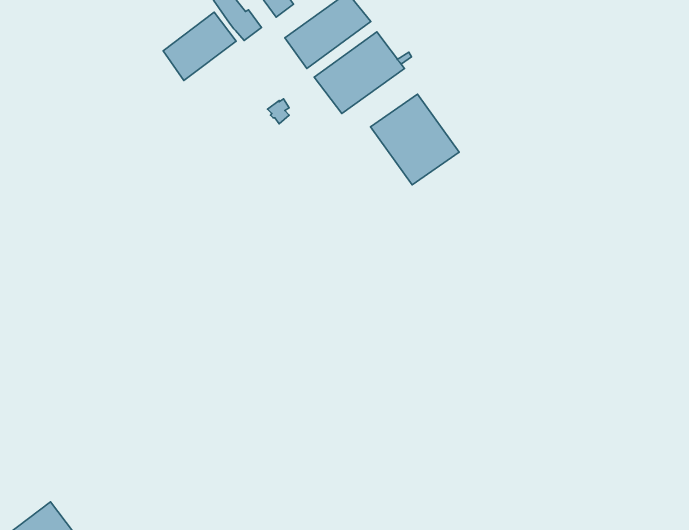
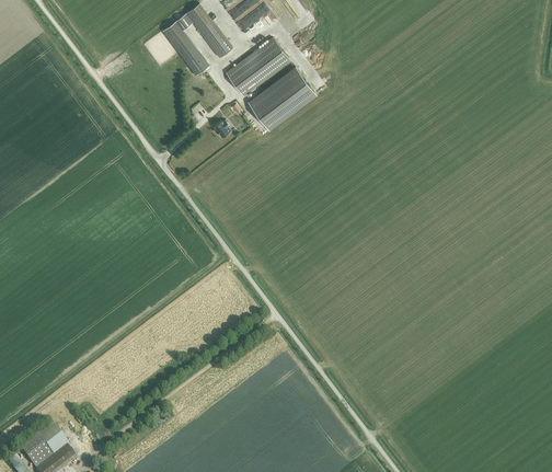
building: [163,12,236,81] -> none
building: [370,94,459,185] -> none

